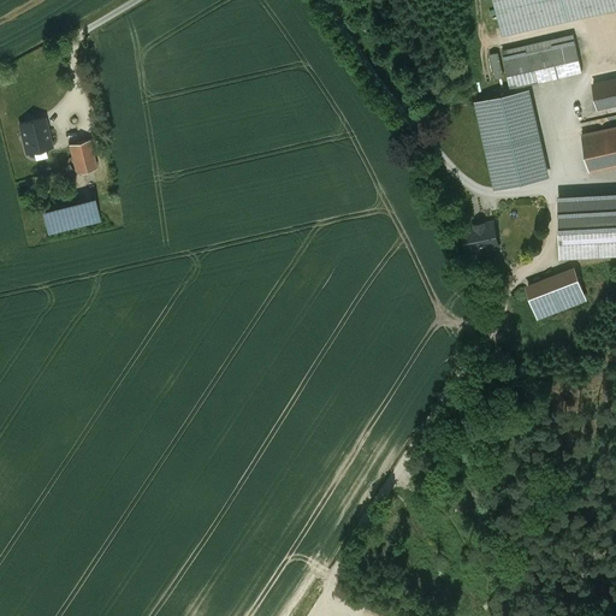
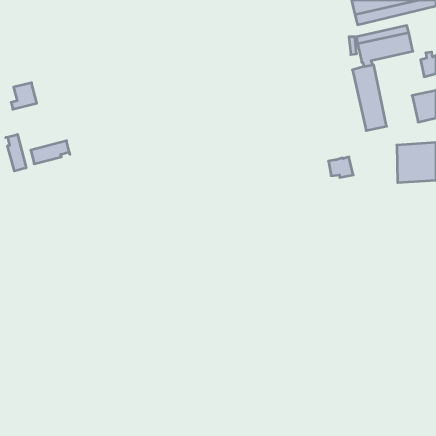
building: [479,99,516,188] -> none
building: [70,140,96,172] -> none
building: none -> [6,134,26,171]
building: [528,272,585,318] -> none

